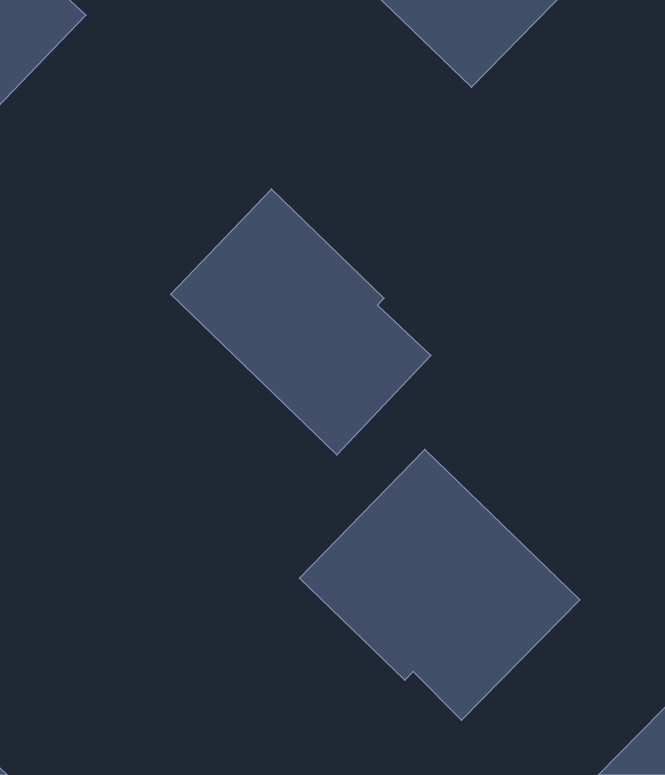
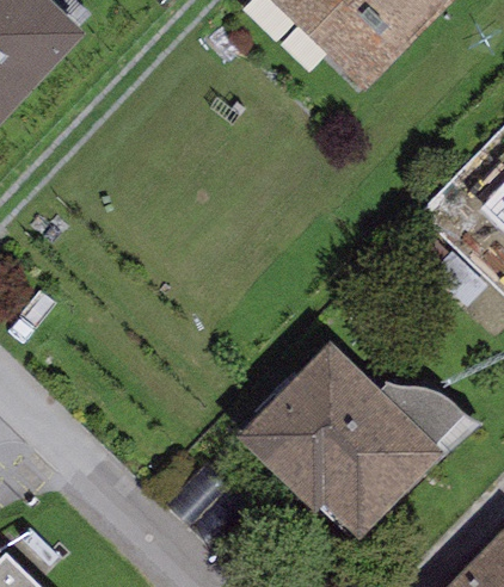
building: [171,189,431,455] -> none

